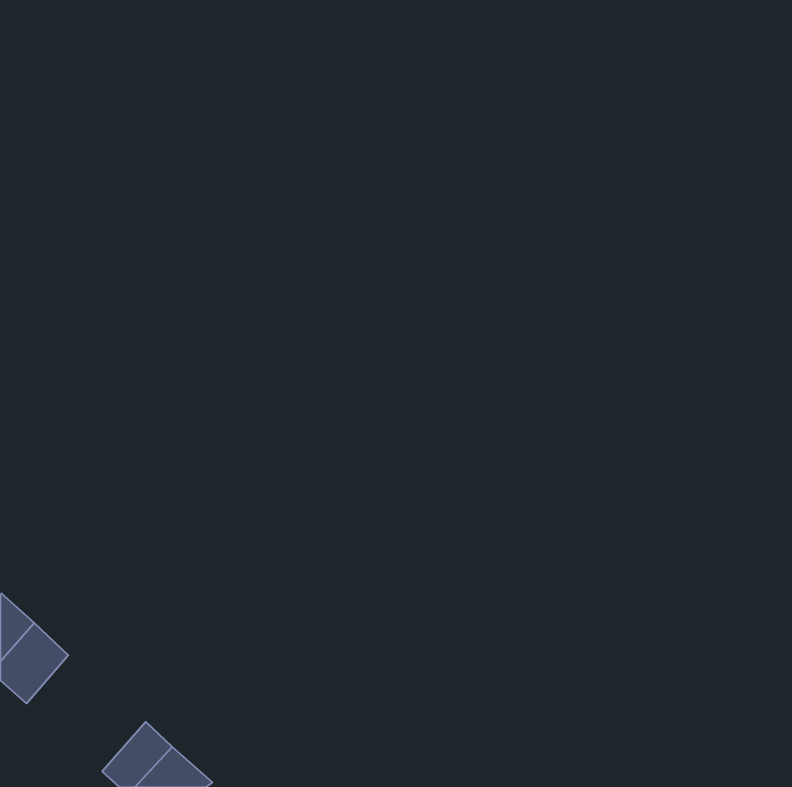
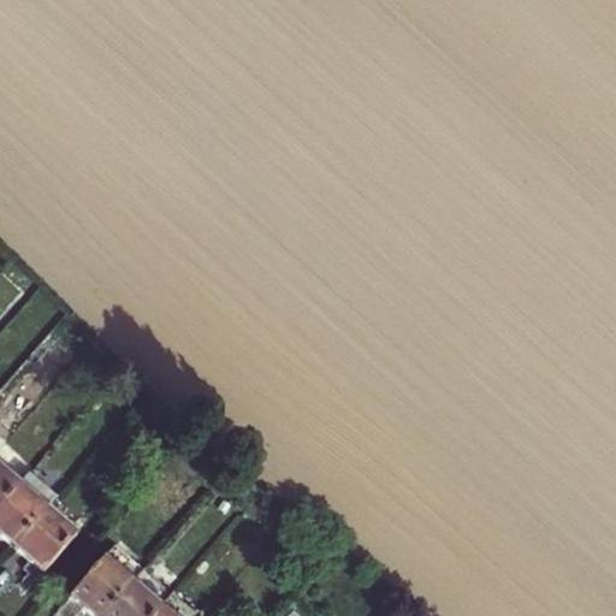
building: none -> [20,509,77,568]

